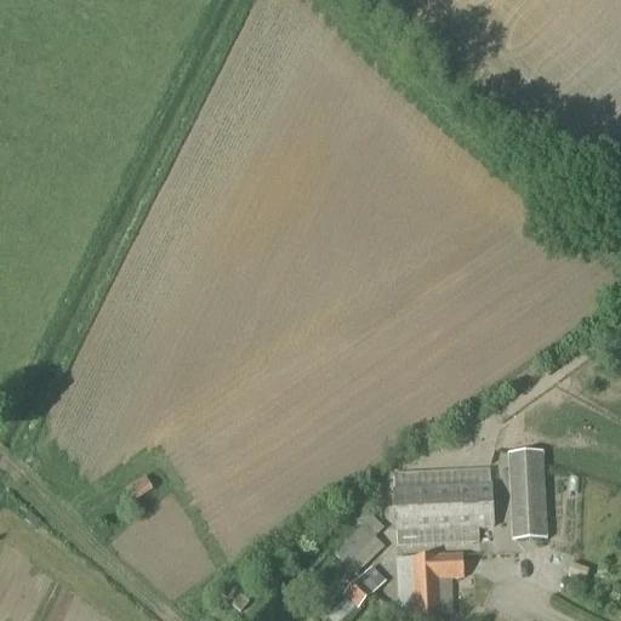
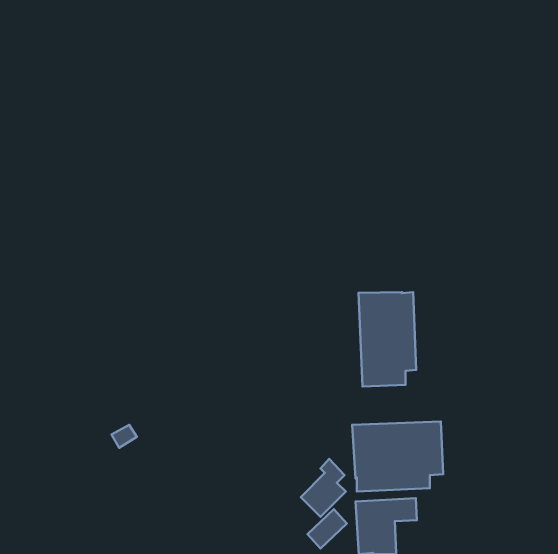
building: none -> [358,292,416,387]
building: [507,449,547,539] -> none

